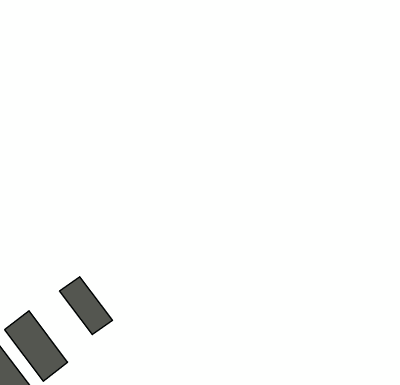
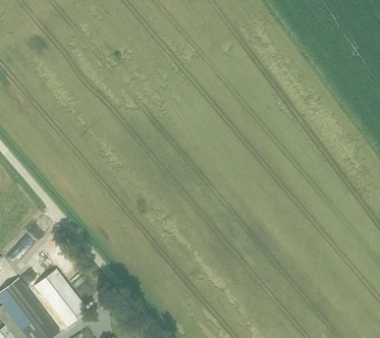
building: [60,277,112,335] -> none

